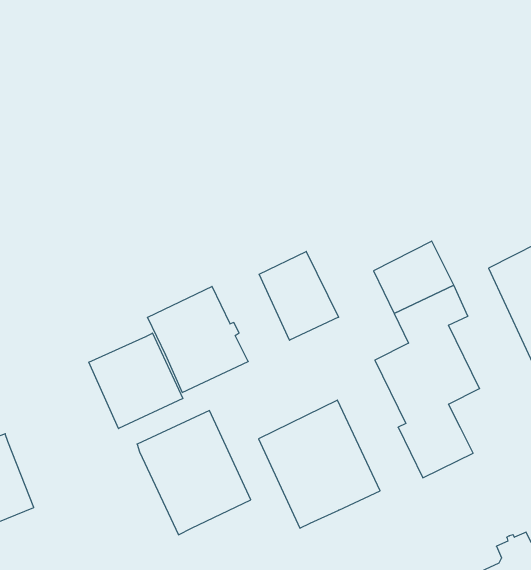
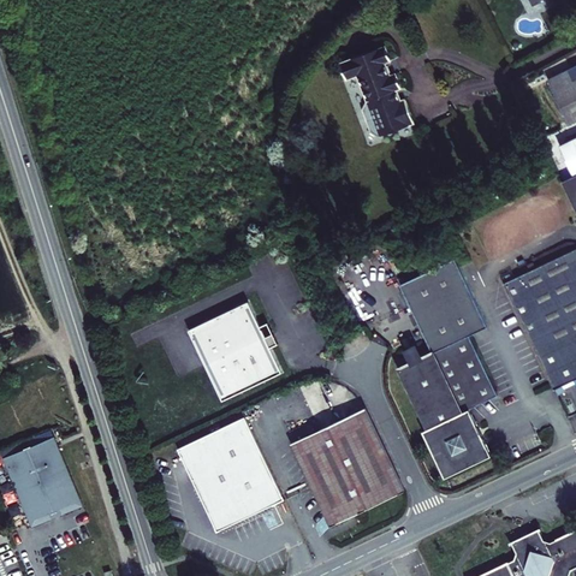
building: none -> [339,48,414,137]
building: [259,251,339,340] -> none
building: [89,333,183,429] -> none

